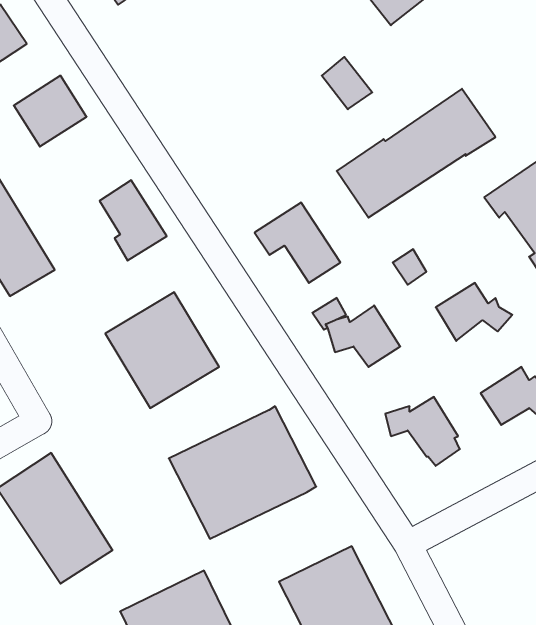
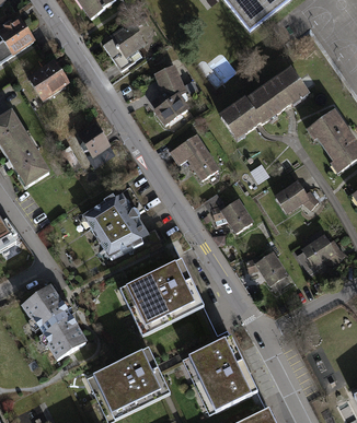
building: none -> [102,21,148,70]
building: none -> [152,64,188,126]

